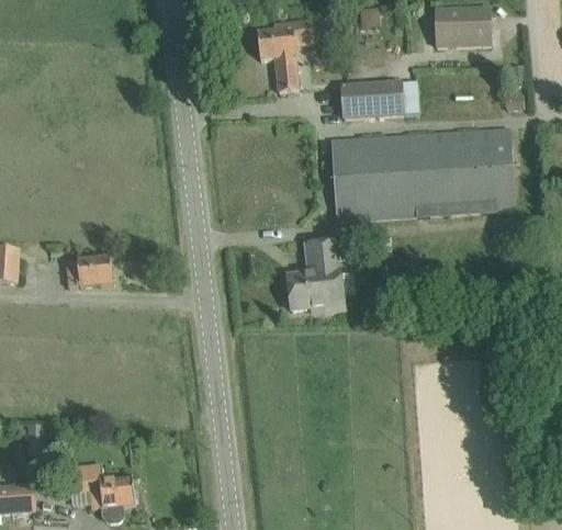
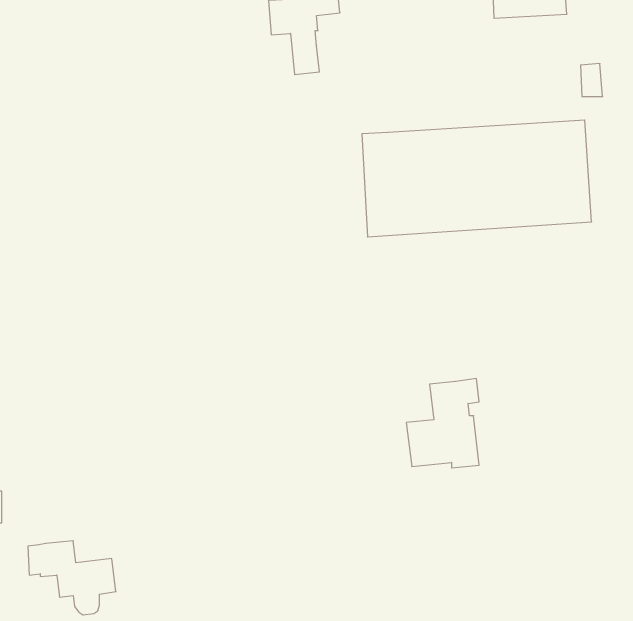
building: [340,80,418,117] -> none
building: [285,239,344,311] -> [406,379,479,468]
building: [64,256,111,286] -> none

